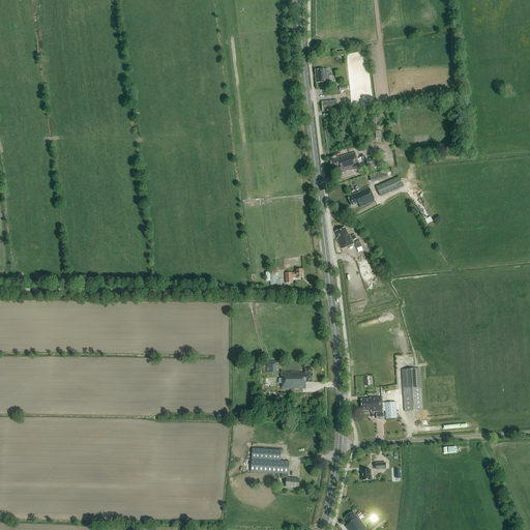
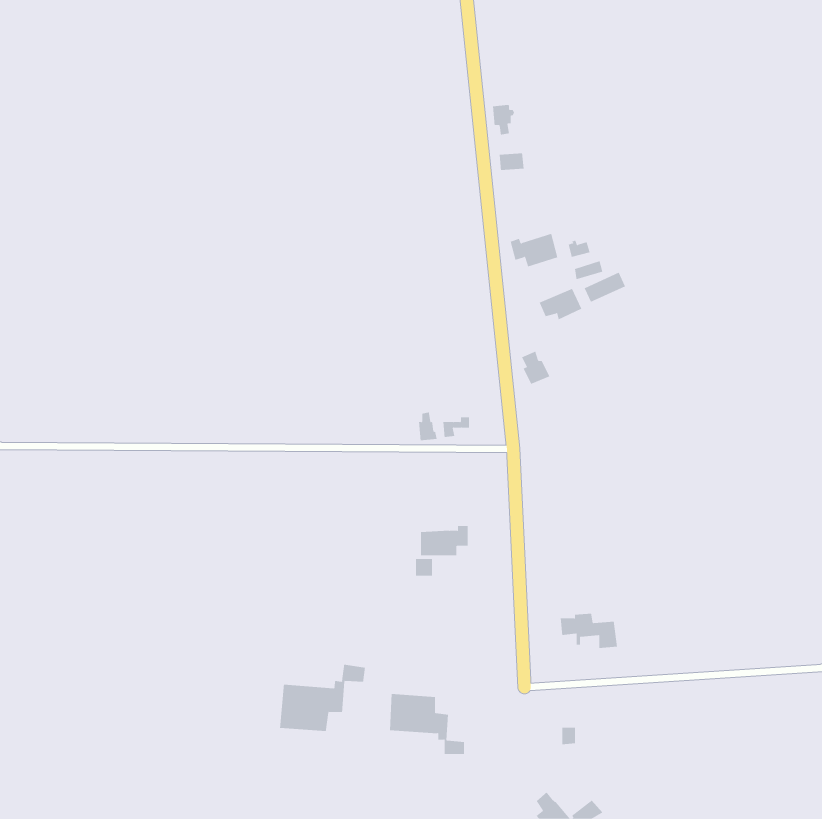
building: [282,367,313,387] -> [420,525,469,556]
building: [402,367,422,410] -> none
building: none -> [279,664,365,732]

